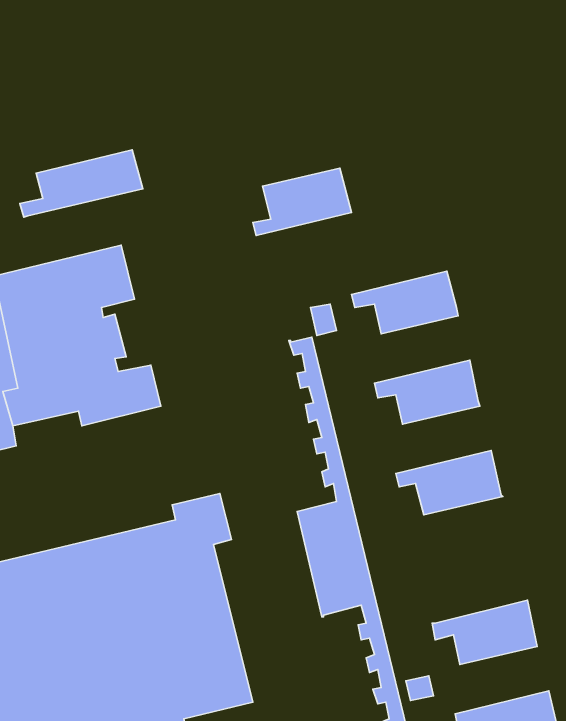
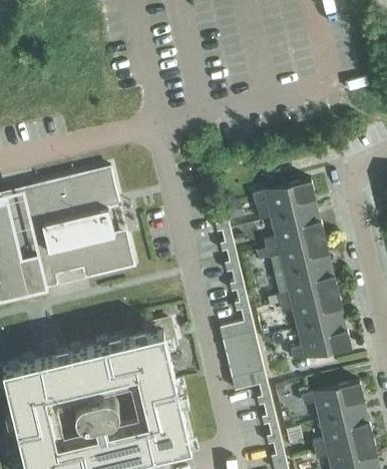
building: [20,150,143,217] -> none
building: [253,168,351,236] -> [264,210,324,252]
building: none -> [277,266,337,307]
building: none -> [290,321,350,362]
building: none -> [313,412,372,453]

